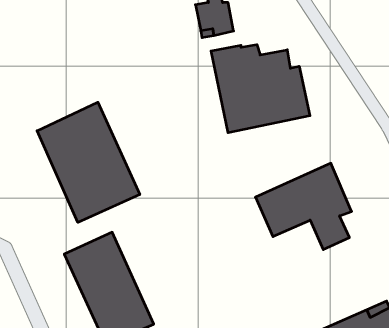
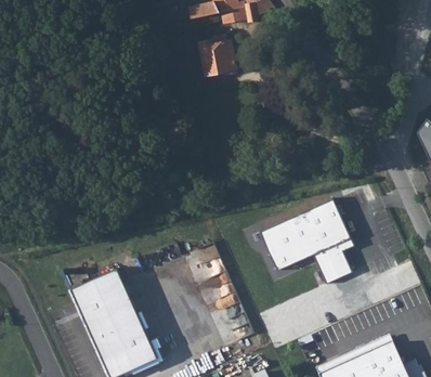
building: [211,45,310,133] -> none
building: [37,102,140,222] -> none

